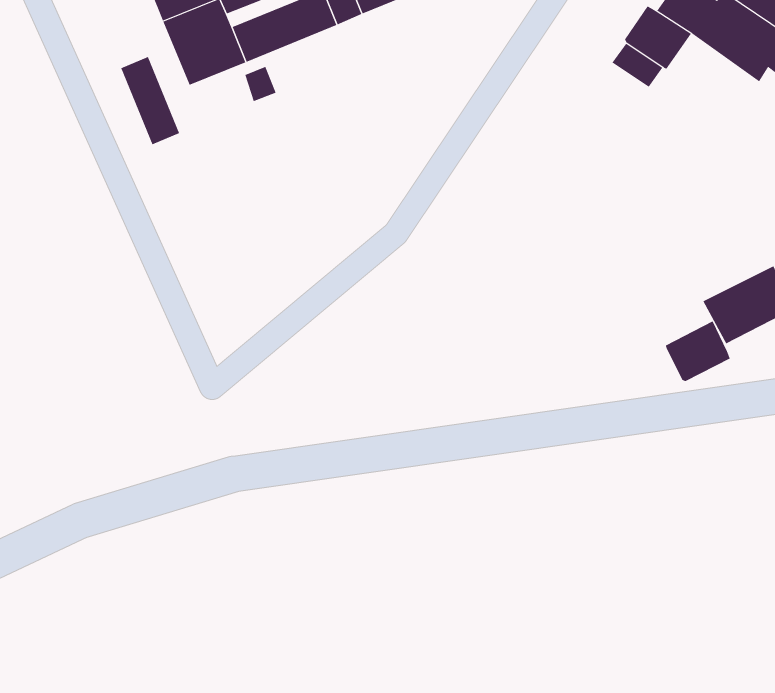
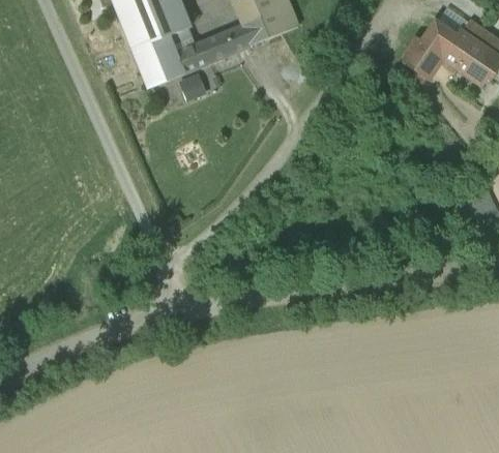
building: [121,56,180,145] -> none
building: [665,321,731,382] -> none

